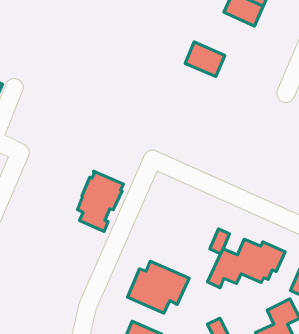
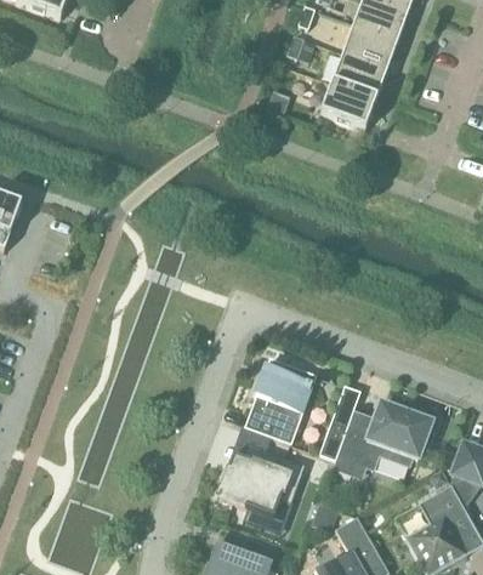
building: [185,42,225,76] -> [319,82,375,130]
building: [78,171,123,232] -> [250,359,313,444]

